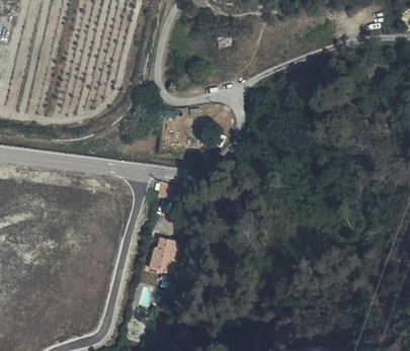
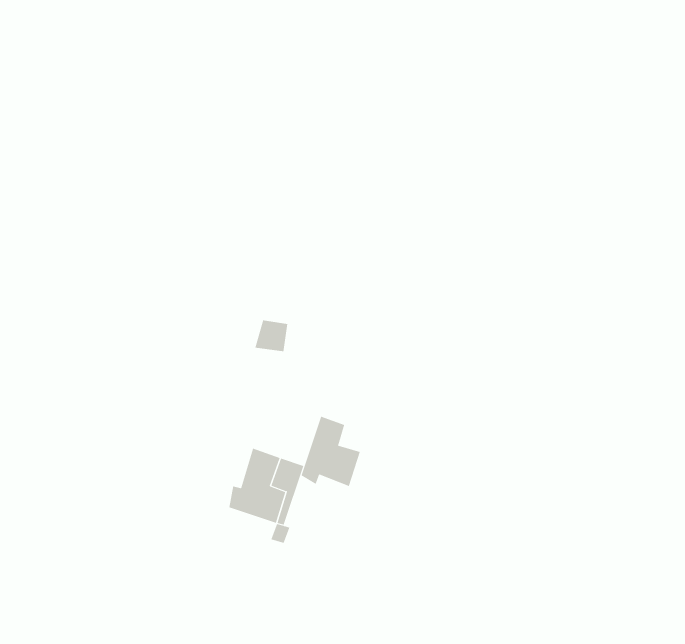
building: none -> [301,416,360,487]

